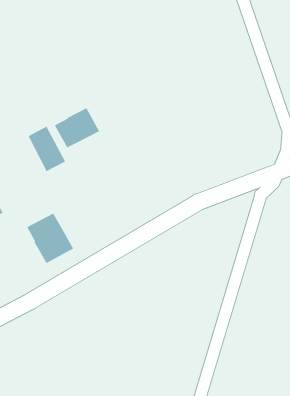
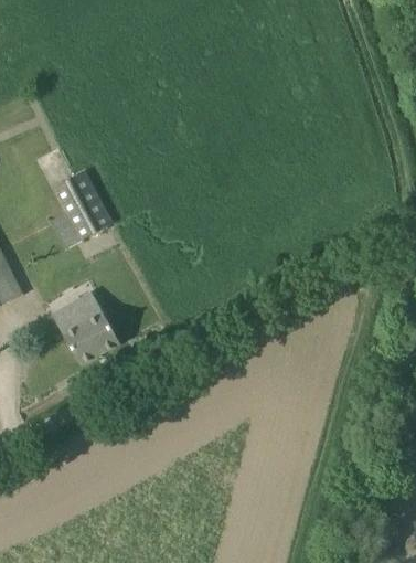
building: [54,107,100,149] -> none

